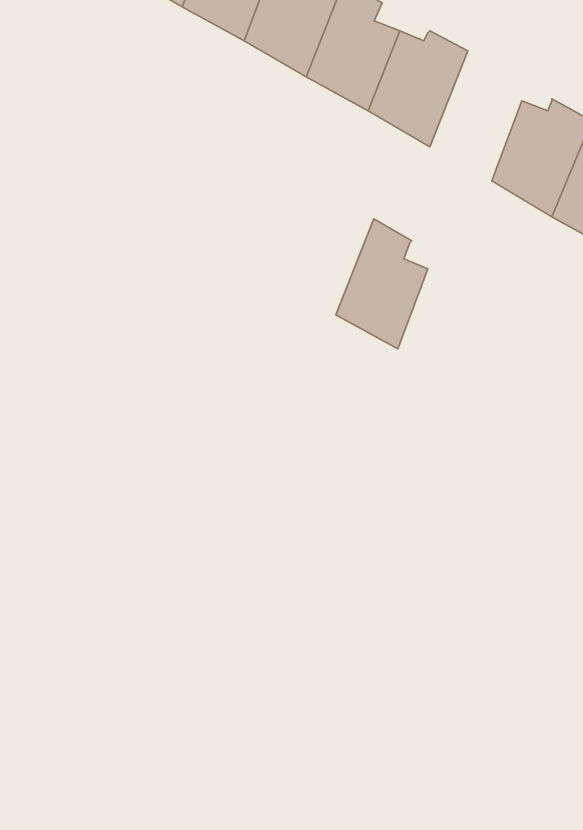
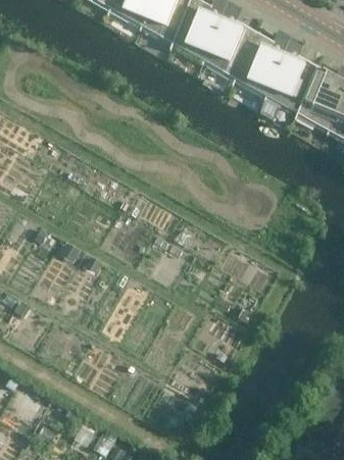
building: [336,219,428,349] -> [234,30,281,96]

